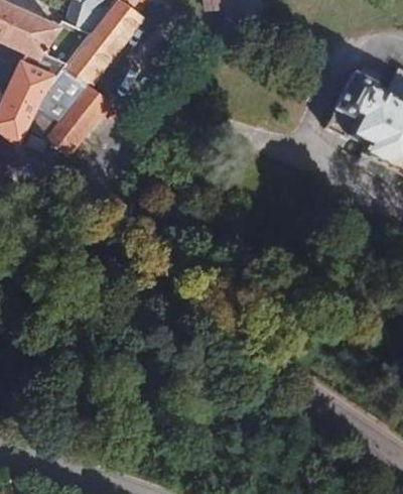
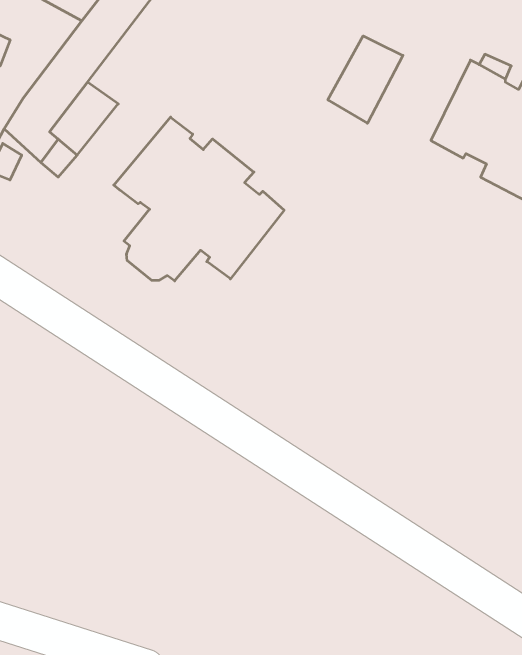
building: none -> [328,36,403,123]
building: none -> [114,117,284,281]

